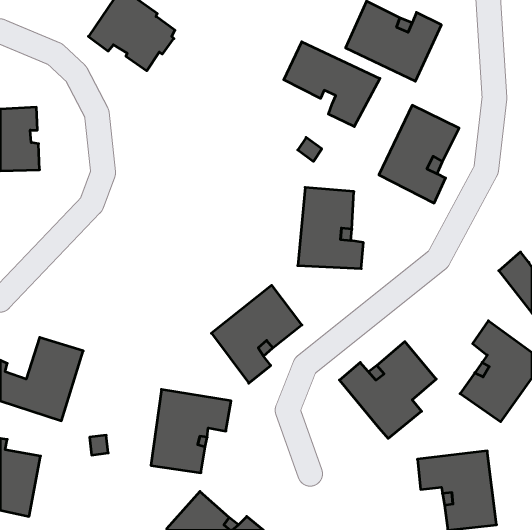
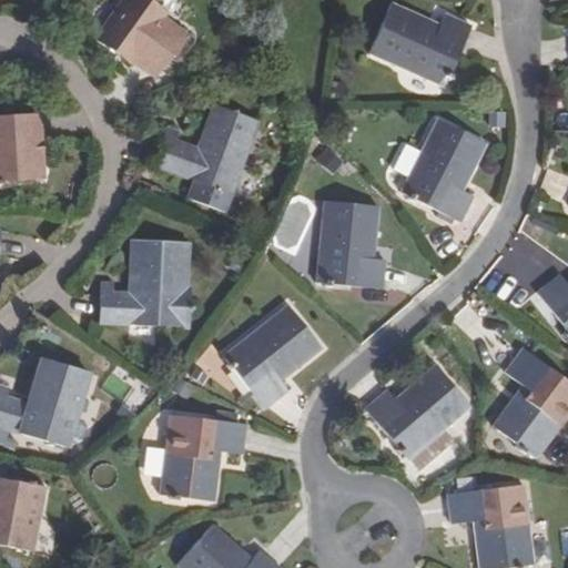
building: [284,42,380,127] -> none
building: none -> [154,104,260,213]
building: none -> [100,240,191,327]

